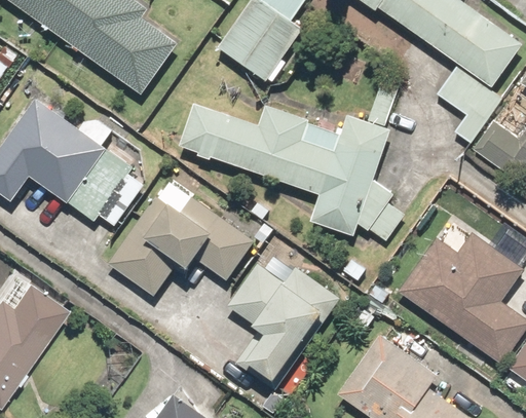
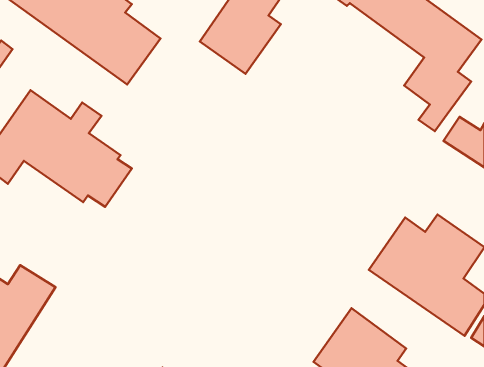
building: [180,106,406,241] -> none
building: [110,178,255,295] -> none
building: [225,257,337,381] -> none

